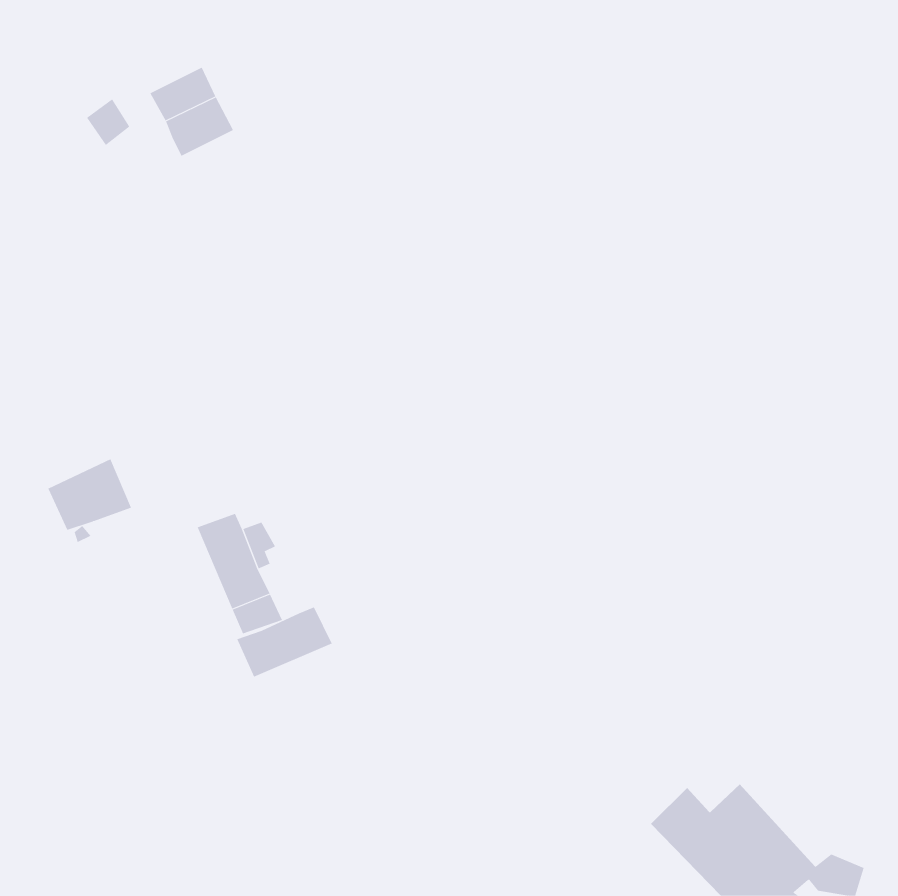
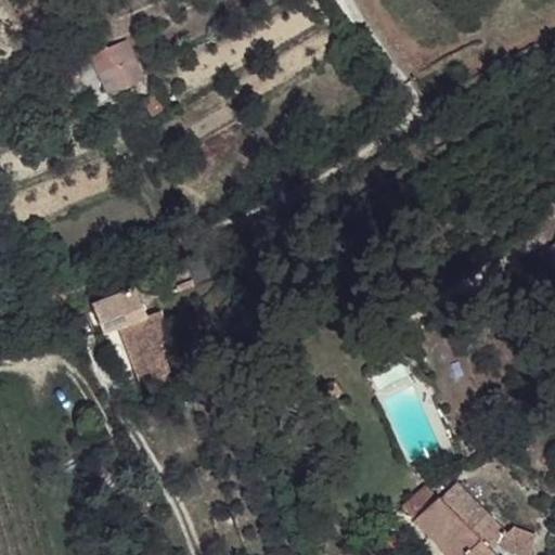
building: [48,459,132,531] -> [93,286,145,331]
building: [237,607,332,678] -> none

